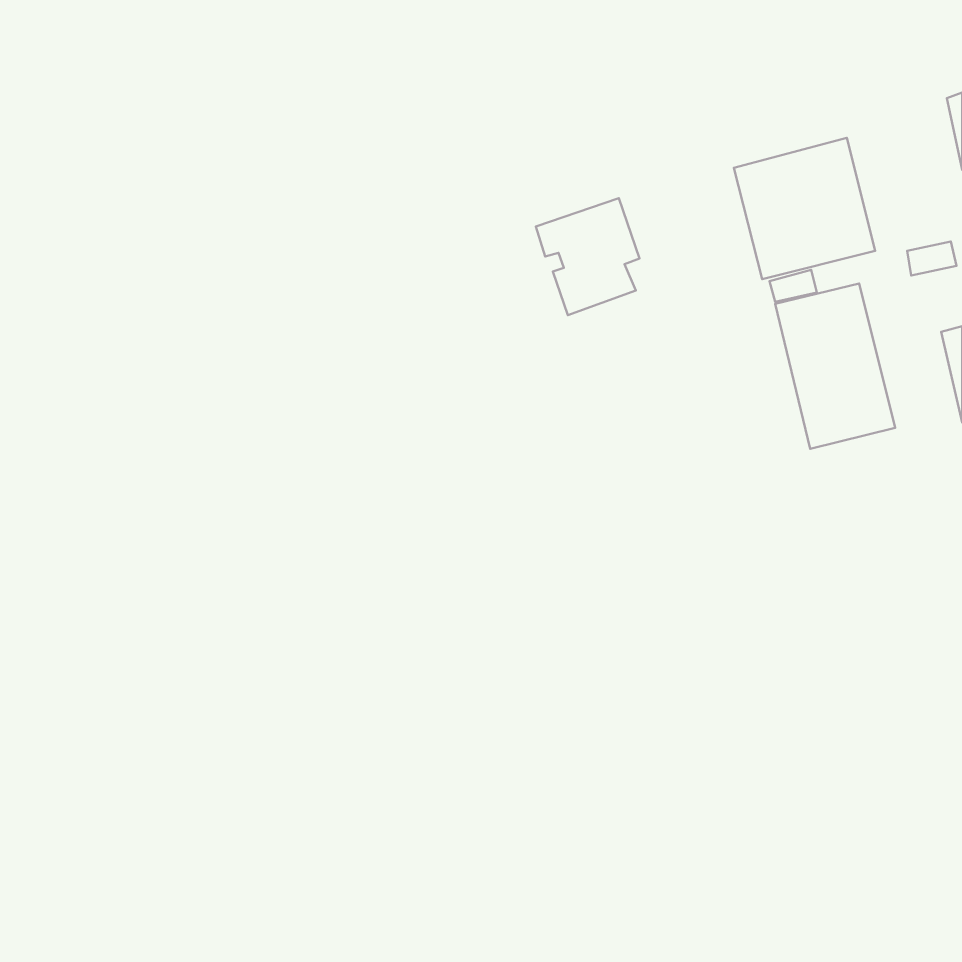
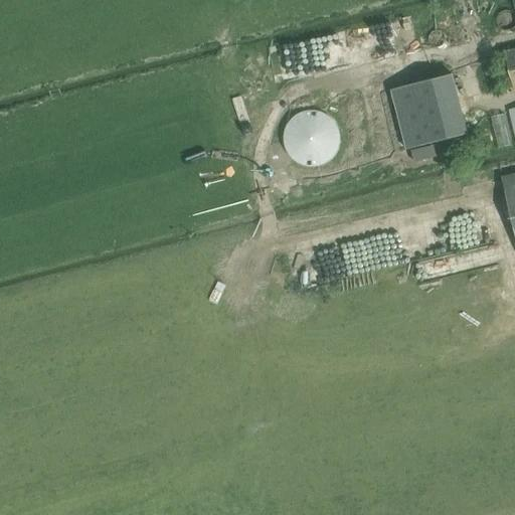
building: [775,284,895,449] -> none

